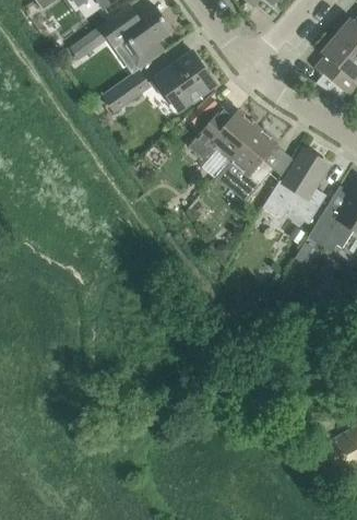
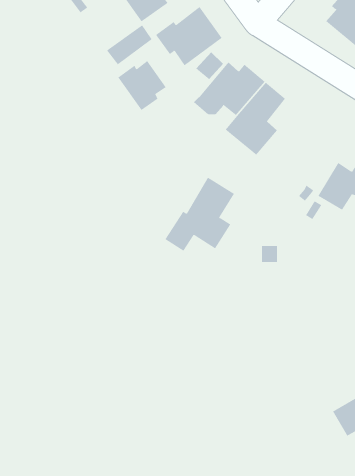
building: none -> [118,60,167,111]
building: [262,147,330,220] -> [165,177,235,251]

